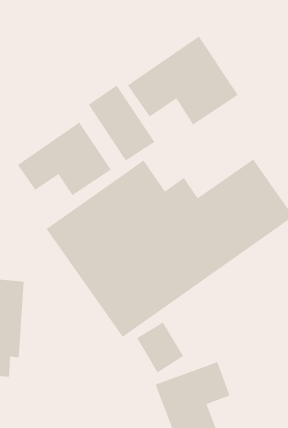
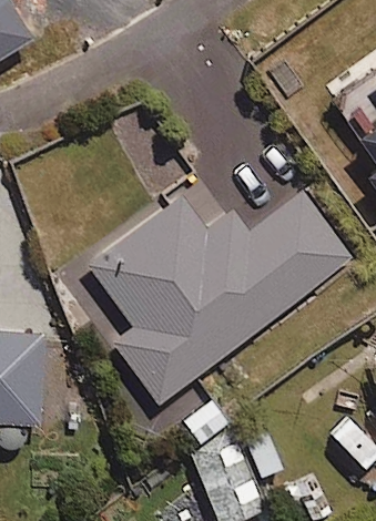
building: [127,35,239,125] -> none
building: [17,122,112,196] -> none

